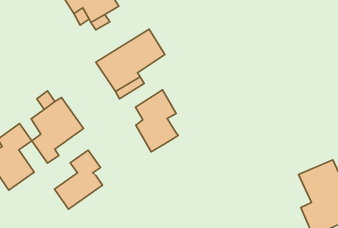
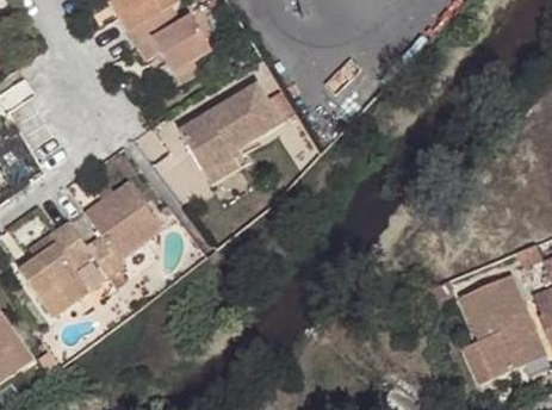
building: [135,90,178,152] -> none
building: [55,150,102,209] -> none

